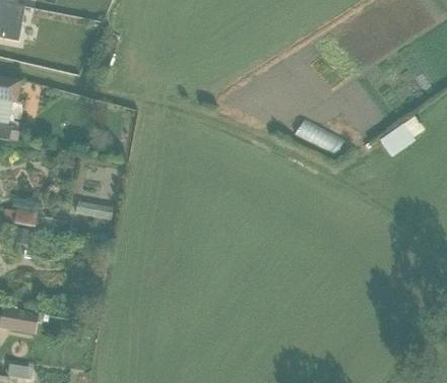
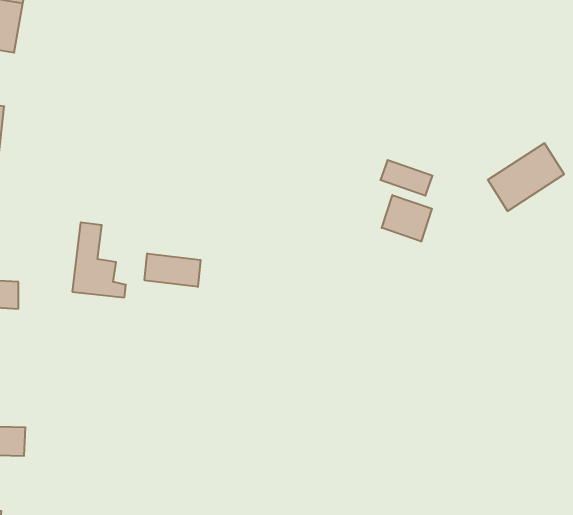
building: none -> [382,195,432,242]
building: none -> [145,253,201,287]

